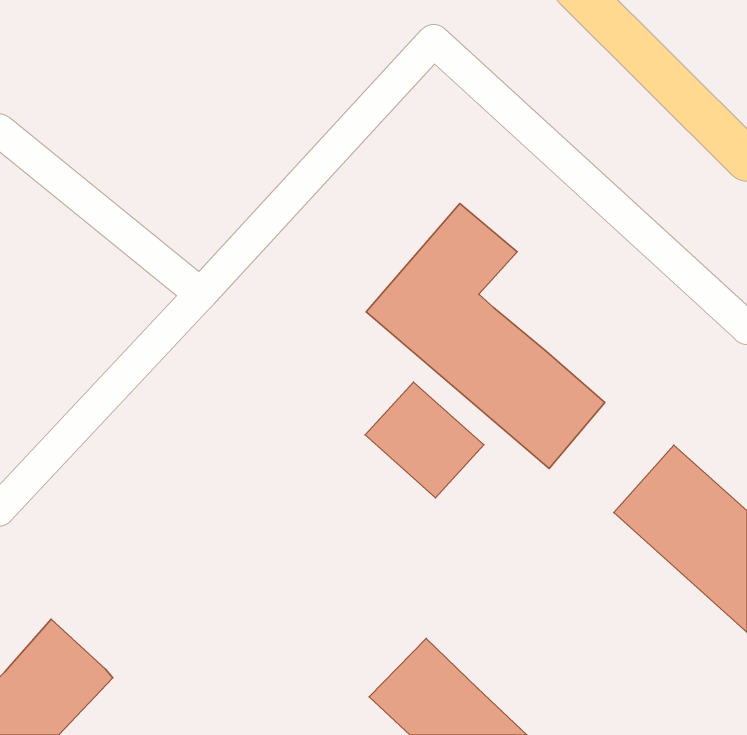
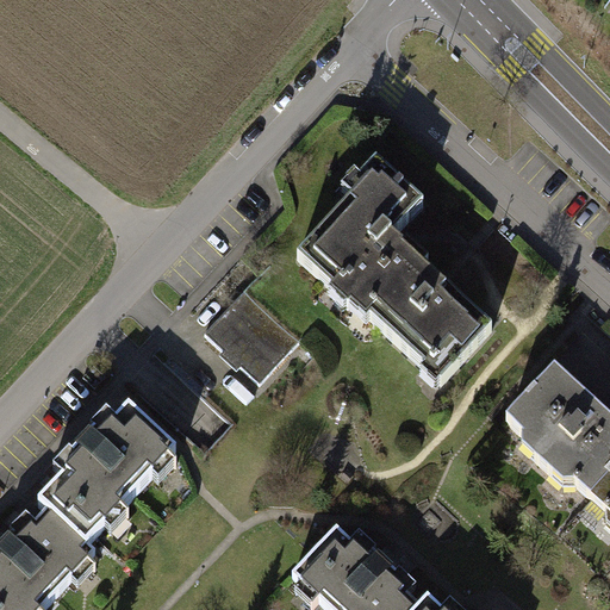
building: [365,382,484,498] -> [204,284,300,378]
building: none -> [32,397,176,544]

